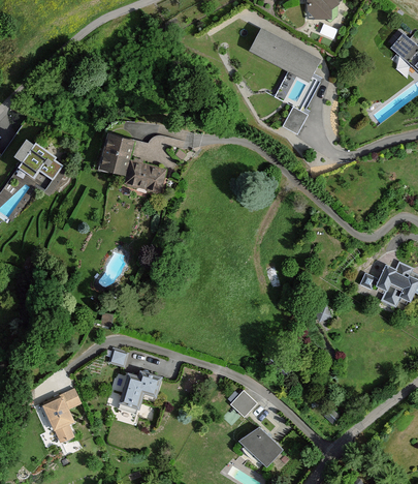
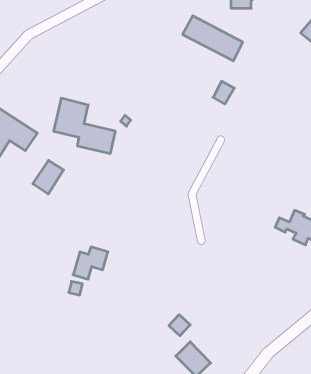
building: none -> [33,160,64,194]
building: [118,370,160,410] -> [73,247,108,279]
building: [38,389,79,443] -> none

